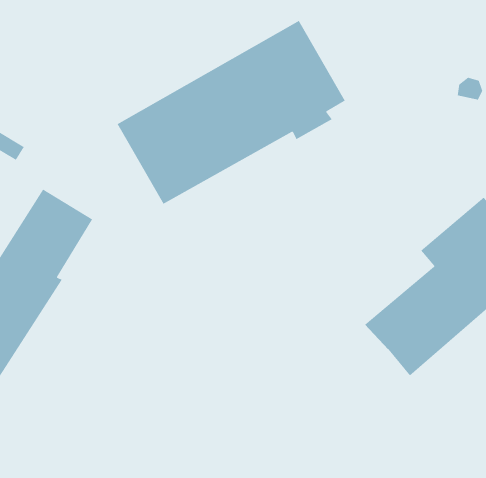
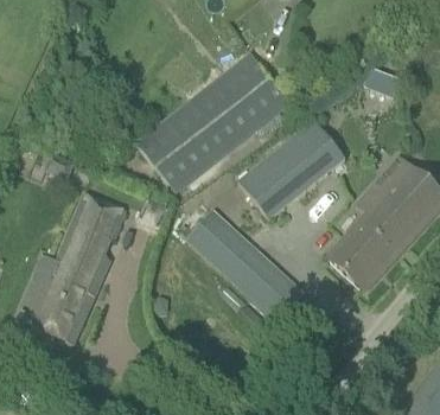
building: none -> [240,119,346,218]
building: none -> [184,209,305,321]

